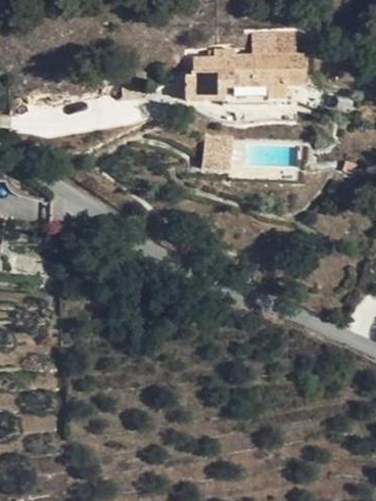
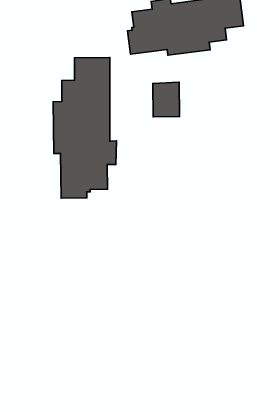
building: none -> [53,57,116,198]

